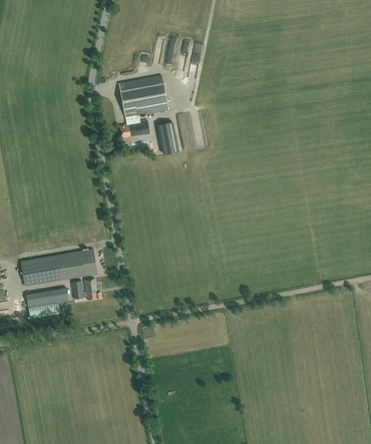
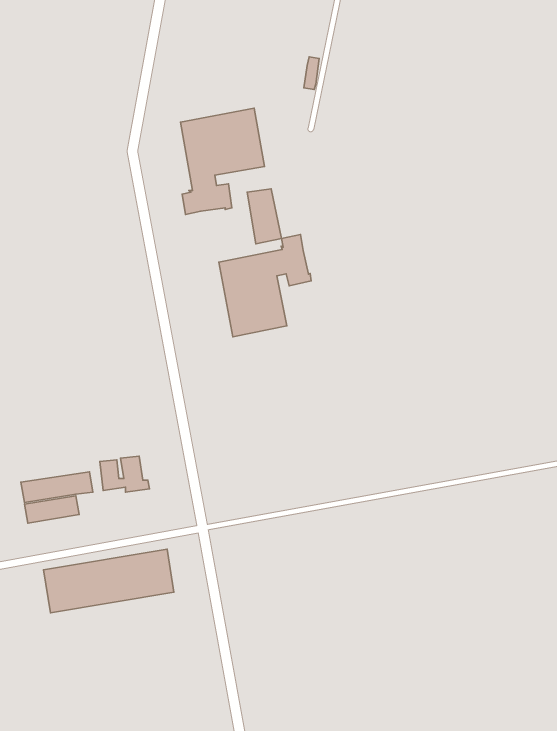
building: none -> [219,235,311,337]
building: [20,249,96,286] -> [44,549,174,613]

